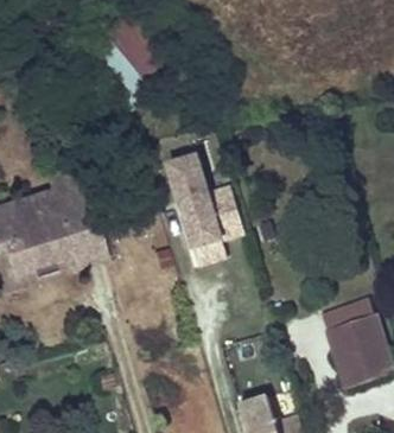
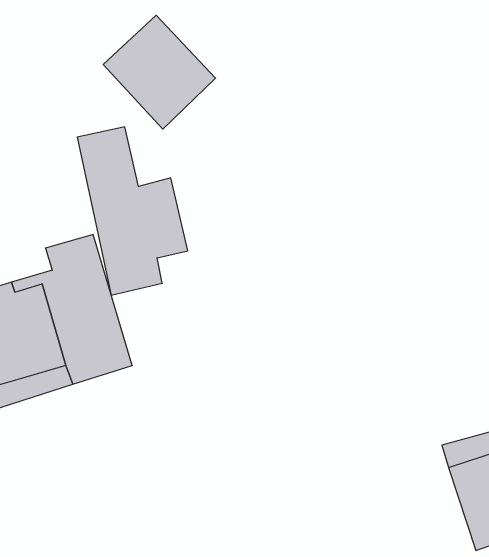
building: [166,145,243,262] -> [77,127,188,295]

